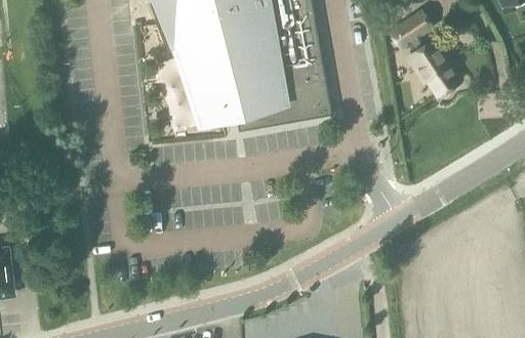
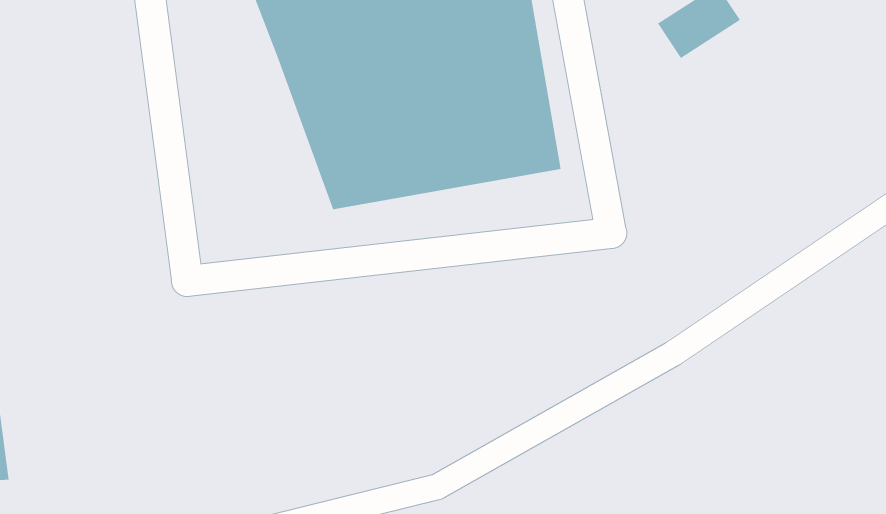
building: [407,41,458,97] -> none

